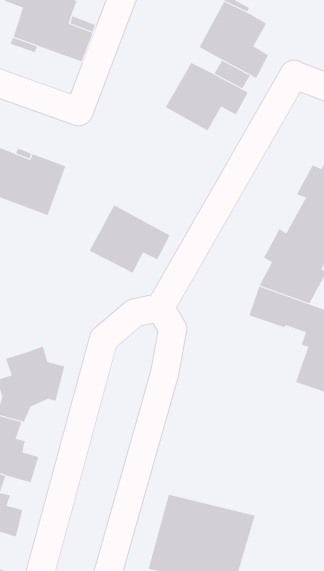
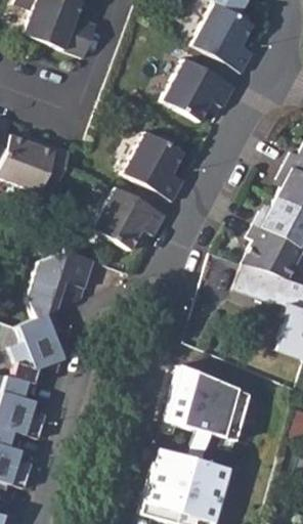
building: none -> [121,129,183,212]
building: none -> [26,251,91,320]
building: none -> [166,365,256,442]

